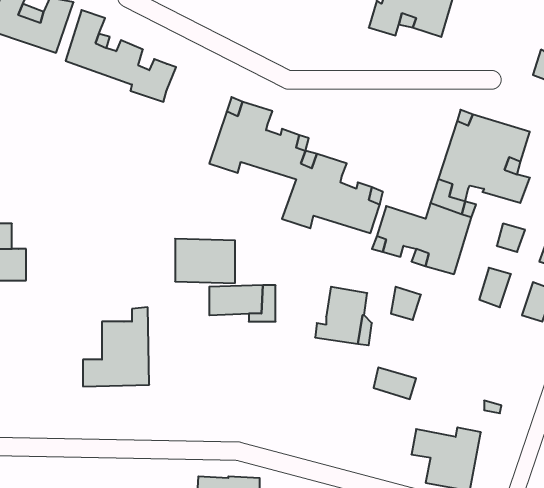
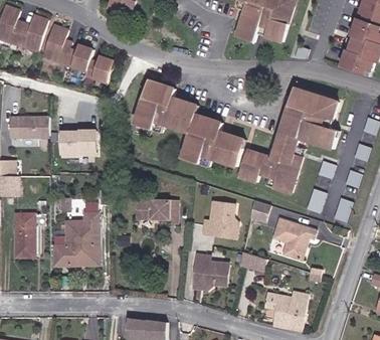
building: none -> [8,117,48,137]
building: [175,239,235,283] -> [67,126,106,154]
building: none -> [15,214,34,257]
building: none -> [272,218,316,260]
building: none -> [193,253,228,290]

